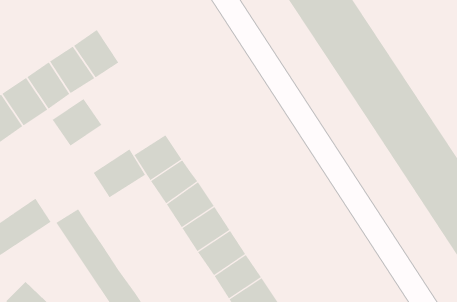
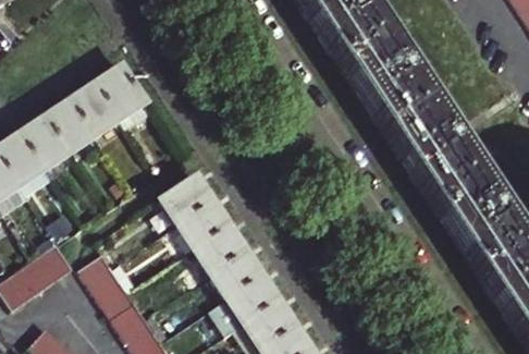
building: [52,98,102,146] -> none
building: [93,149,146,198] -> none

